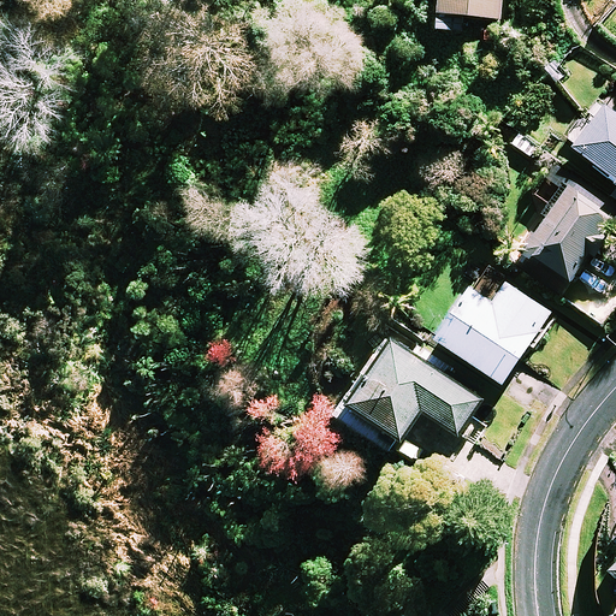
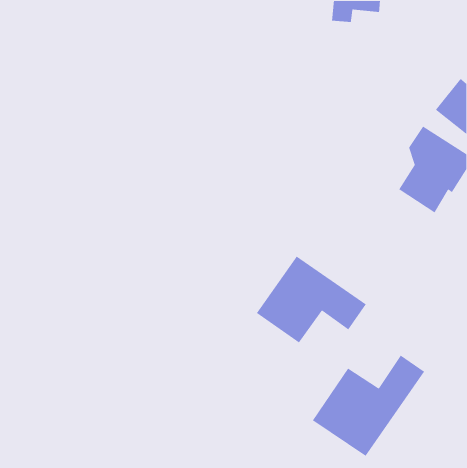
building: [436,268,550,380] -> none
building: none -> [312,354,425,457]

